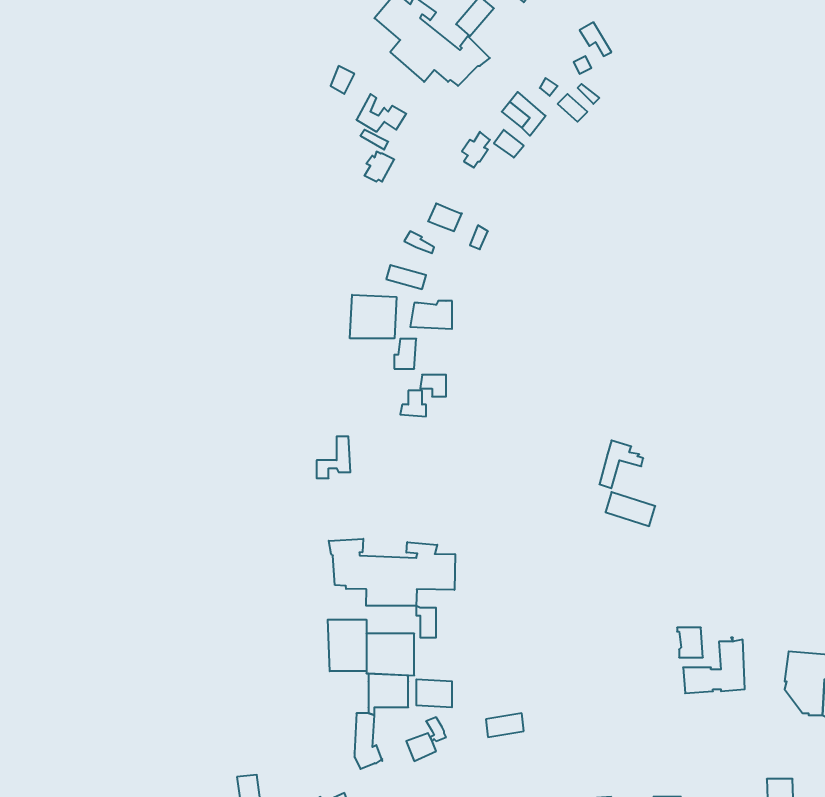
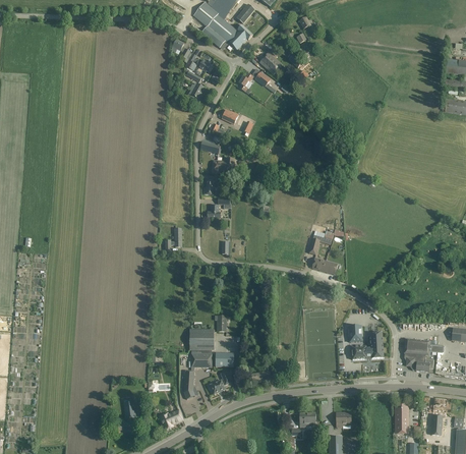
building: [350,295,396,338] -> none
building: [329,539,455,606] -> none
building: [328,620,366,671] -> none

